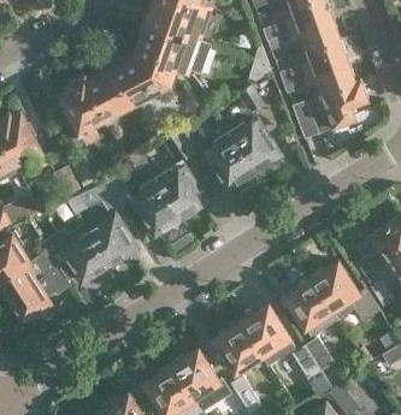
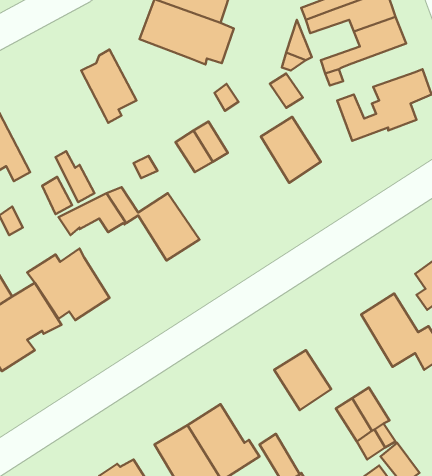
building: [108,55,173,105] -> none
building: [301,59,354,94] -> none
building: [61,77,105,143] -> none
building: [205,134,253,188] -> none
building: [155,164,205,217] -> none
building: [88,214,135,263] -> none
building: [284,277,336,336] -> none
building: [214,321,261,370] -> none

